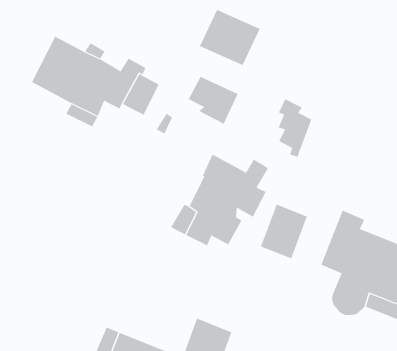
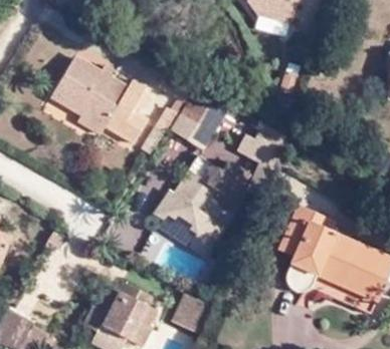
building: [199,9,260,66] -> none
building: [260,204,308,259] -> none

